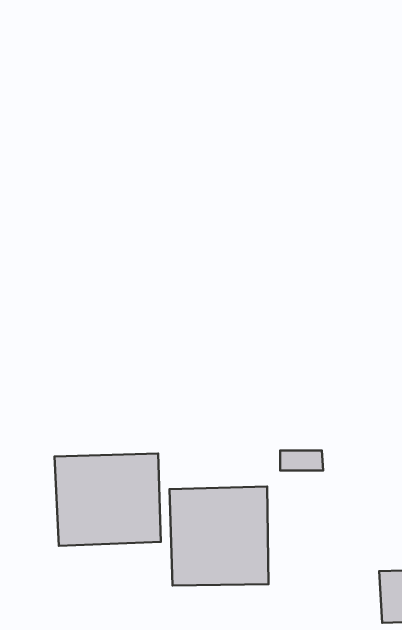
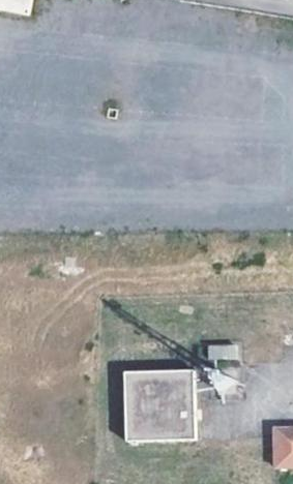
building: [55,453,161,546] -> none

